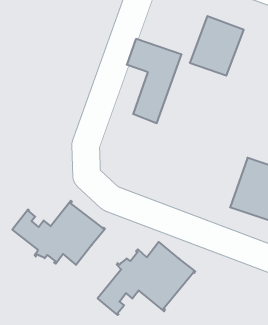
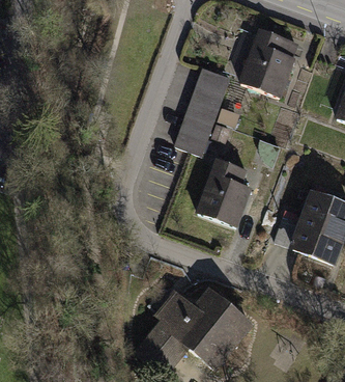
building: none -> [194,154,256,224]
building: [12,201,105,265] -> none

